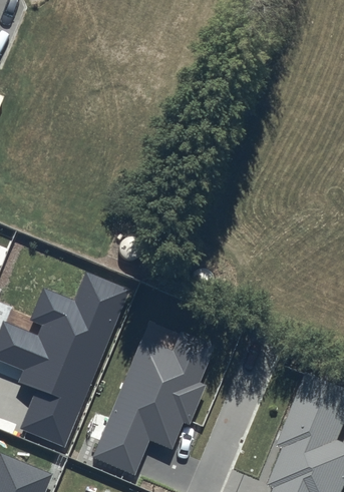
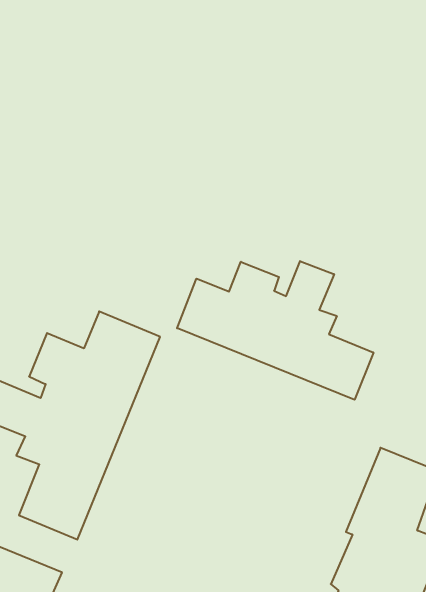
building: none -> [177,261,373,400]
building: [91,319,215,475] -> none

